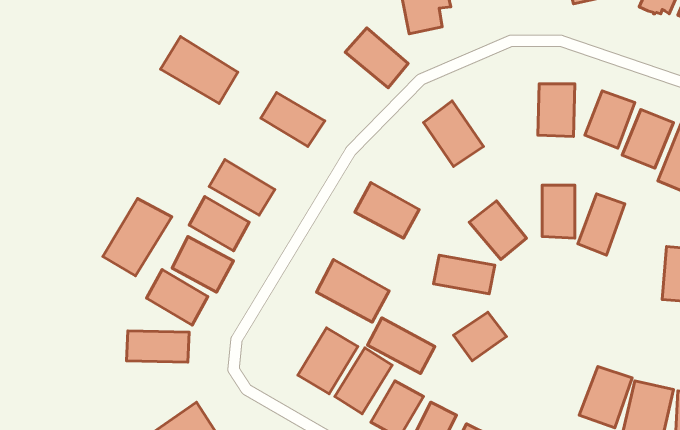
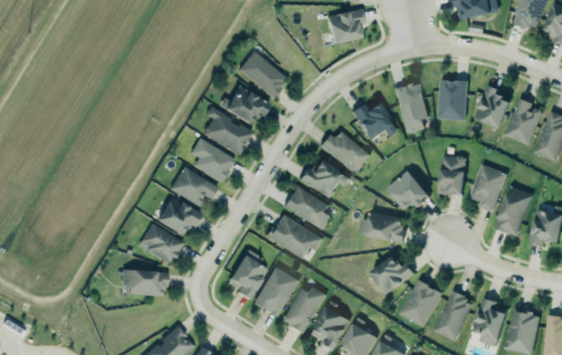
building: [345,28,408,88] -> [239,52,287,98]
building: [161,36,238,104] -> [196,104,255,156]
building: none -> [392,79,434,135]
building: none -> [321,127,370,174]
building: [103,198,172,276] -> none
building: none -> [491,186,533,237]
building: none -> [224,254,268,302]
building: [368,318,435,374] -> [284,186,335,229]
building: none -> [397,278,443,330]
building: none -> [432,289,473,341]

